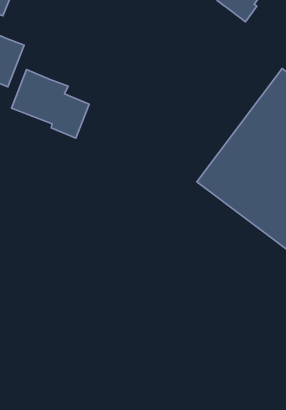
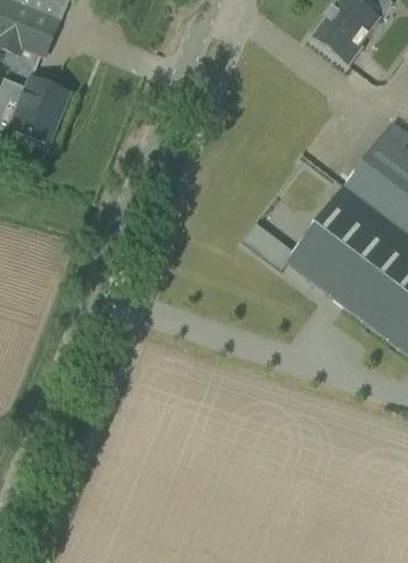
building: [12,70,89,138] -> none

